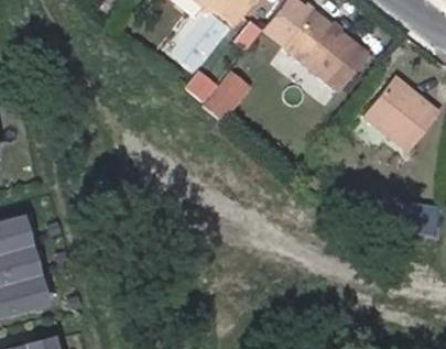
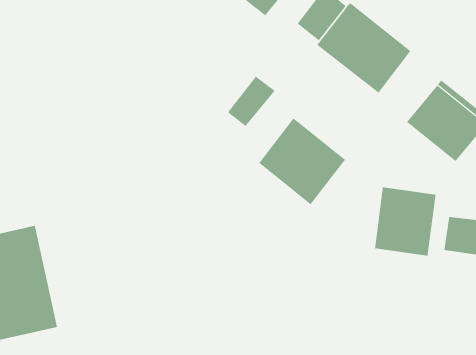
building: [177,13,230,73] -> none
building: none -> [258,118,346,205]
building: none -> [374,187,436,256]

